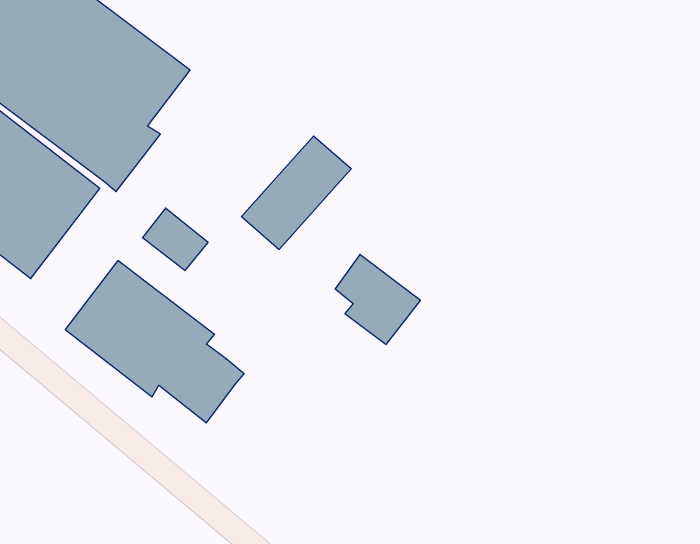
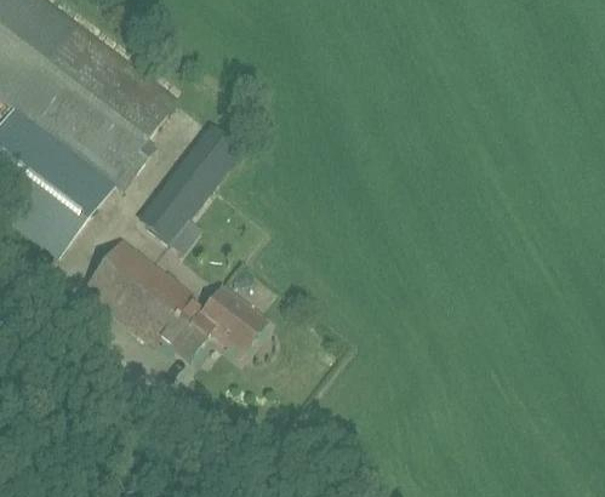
building: [241,136,351,249] -> [164,127,245,211]
building: [335,254,420,345] -> [200,287,263,354]

